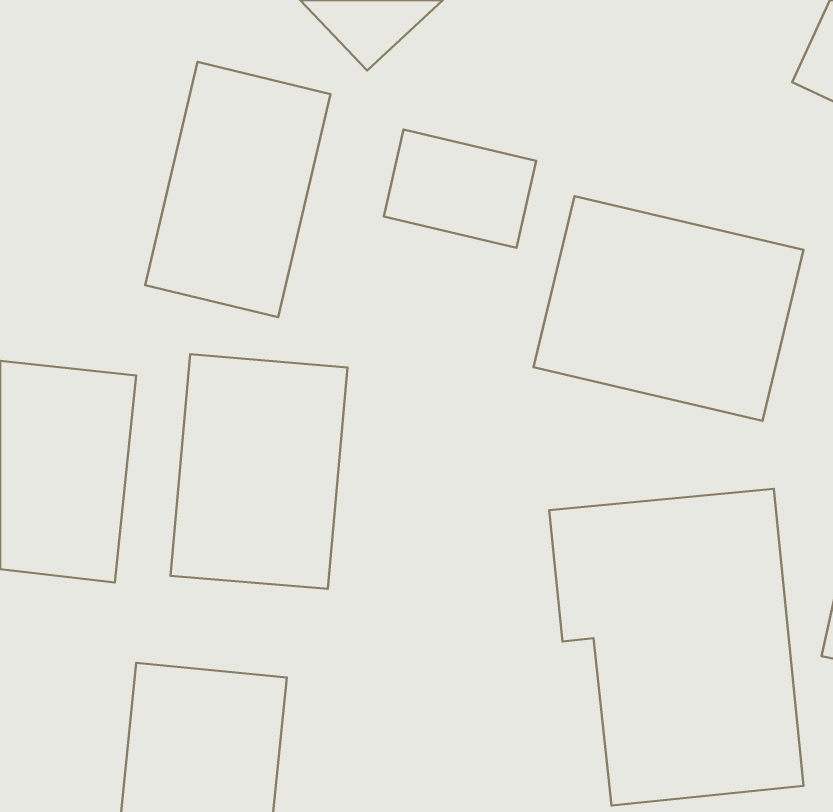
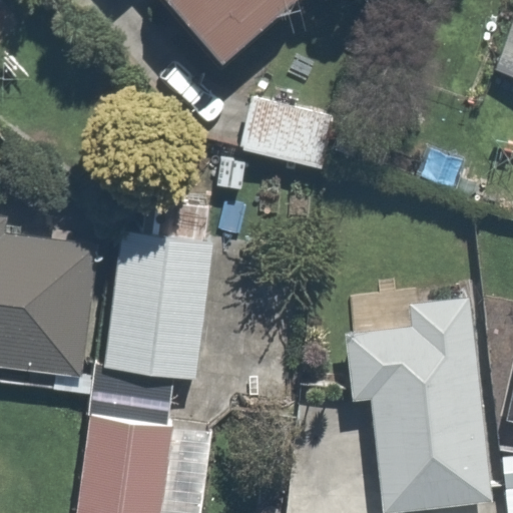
building: [145,62,331,317] -> none
building: [534,196,803,421] -> none

